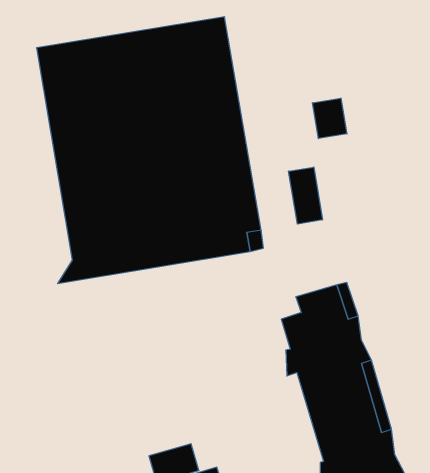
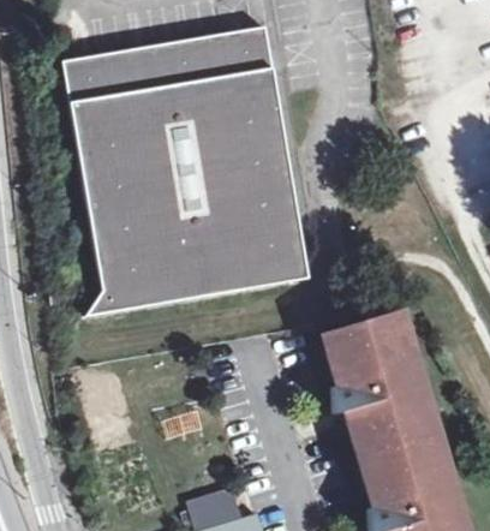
building: [312,98,347,139] -> none
building: [289,167,322,224] -> none

